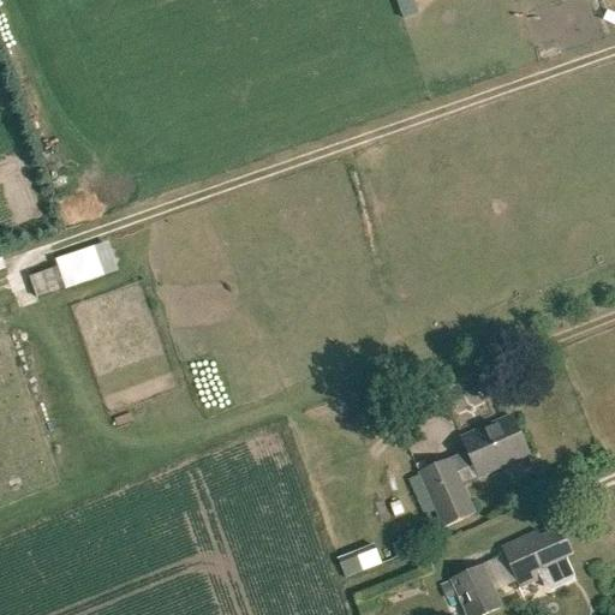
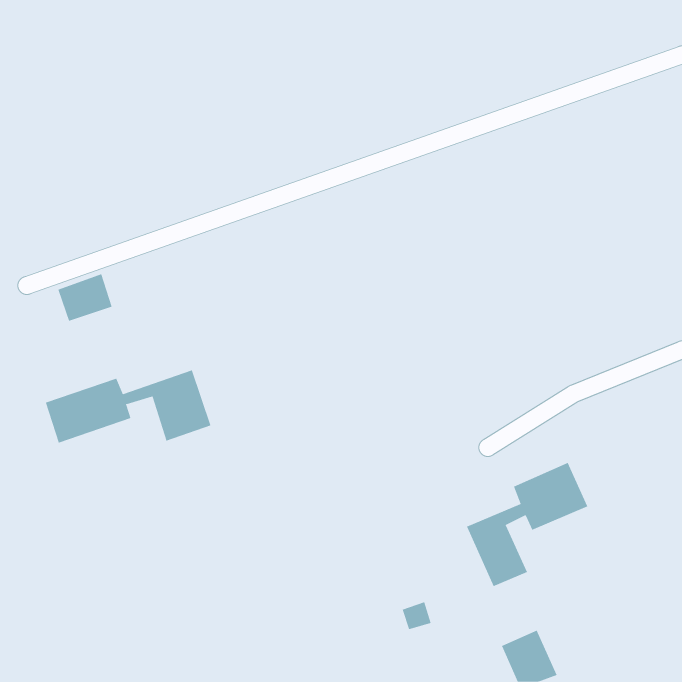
building: none -> [45,369,211,444]
building: [498,527,568,586] -> none

